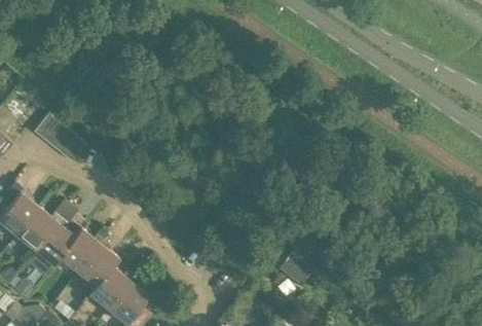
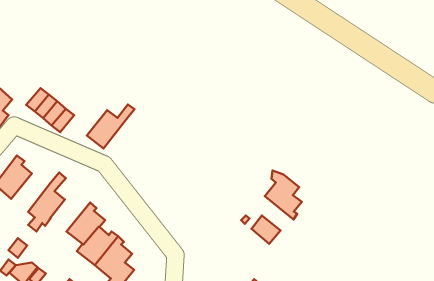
building: [16,201,69,249] -> [87,105,135,149]
building: none -> [265,171,302,220]
building: [59,227,103,270] -> none

